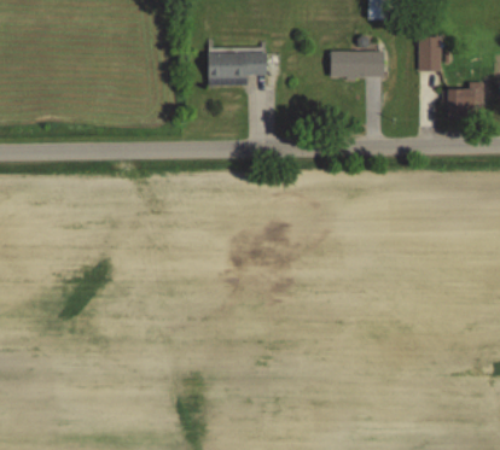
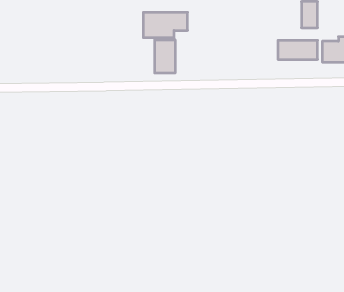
building: [331,51,384,76] -> [278,40,318,59]
building: none -> [155,40,175,73]

